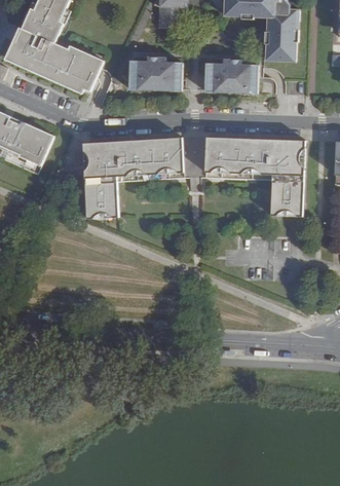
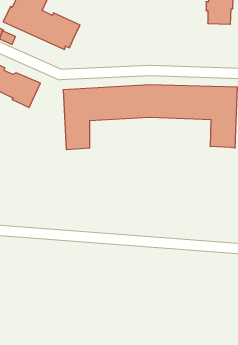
building: [128,57,181,90] -> none
building: [203,60,257,94] -> none

